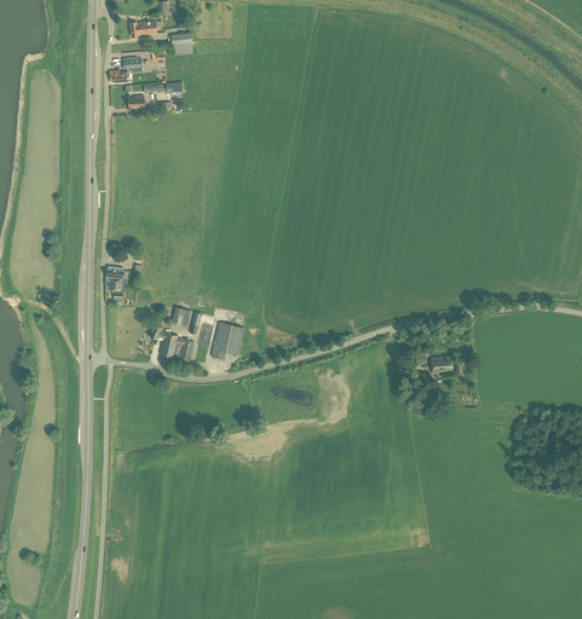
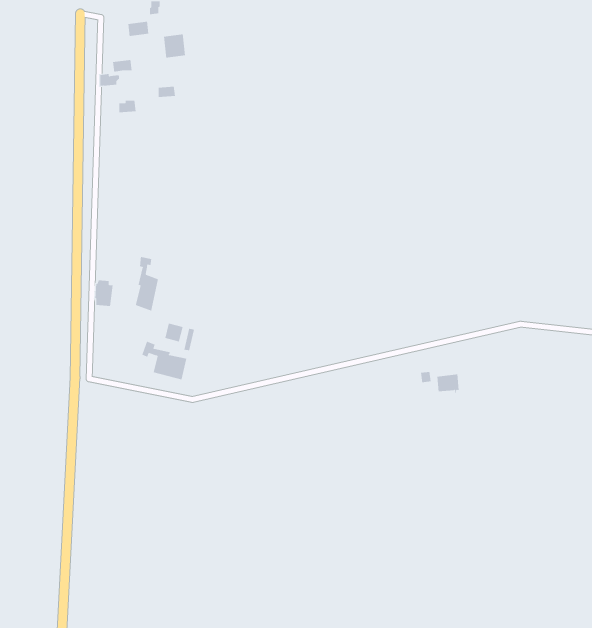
building: none -> [135,256,158,312]
building: [211,322,244,359] -> none

